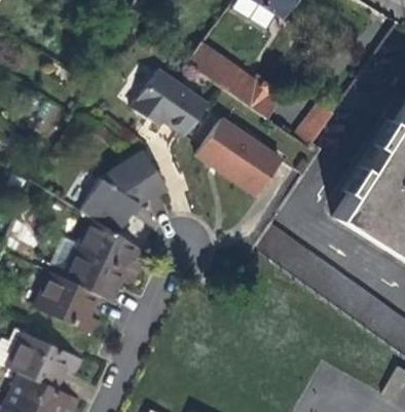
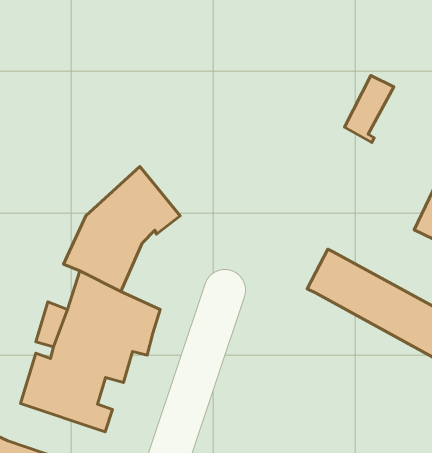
building: [188,45,281,119] -> none
building: [130,69,206,135] -> none
building: [197,118,281,196] -> none

